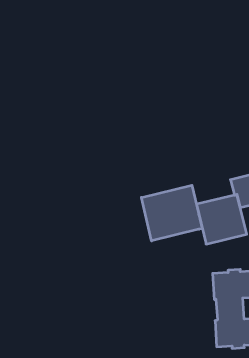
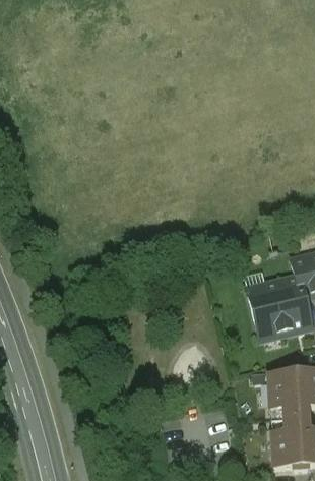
building: [141,185,202,241] -> none

